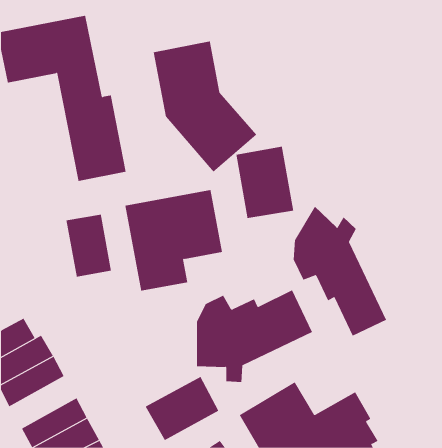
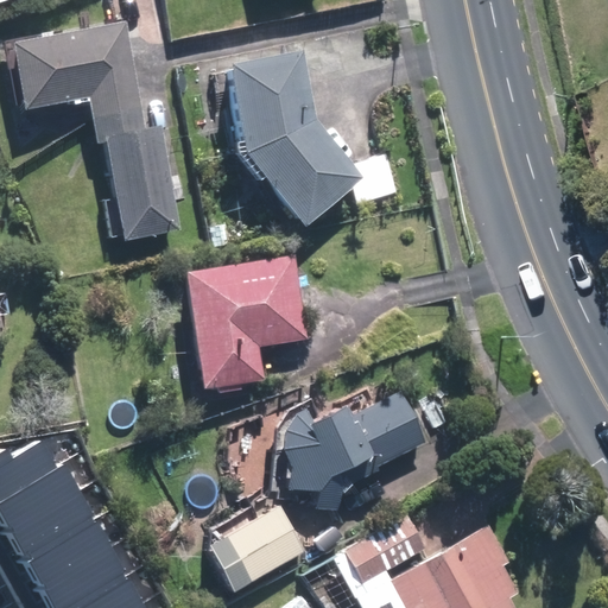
building: [236,146,294,219] -> none
building: [293,206,387,337] -> none
building: [66,214,111,278] -> none
building: none -> [25,505,116,575]

